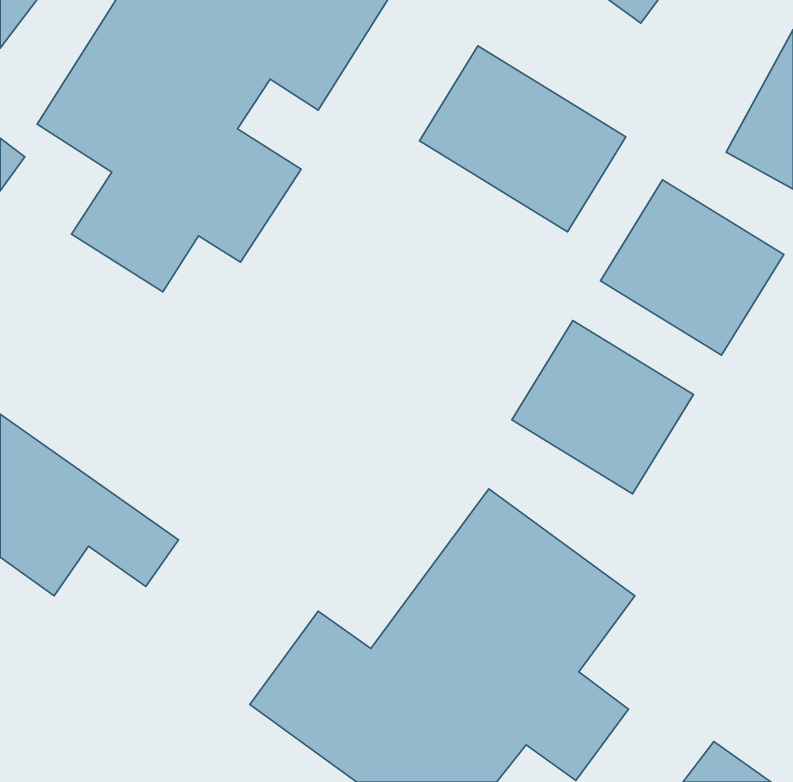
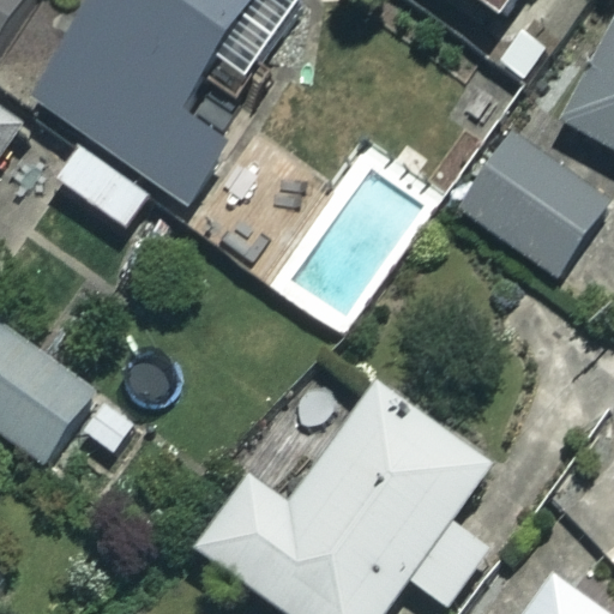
building: [419,46,626,232] -> none
building: [512,320,693,494] -> none

